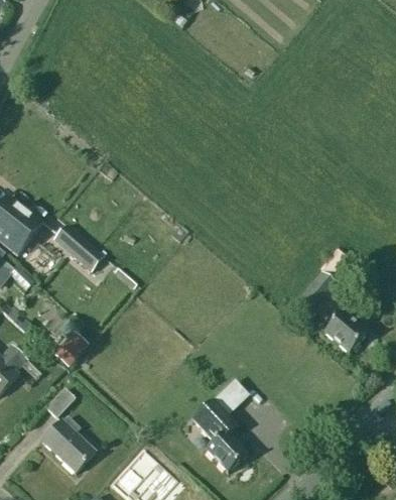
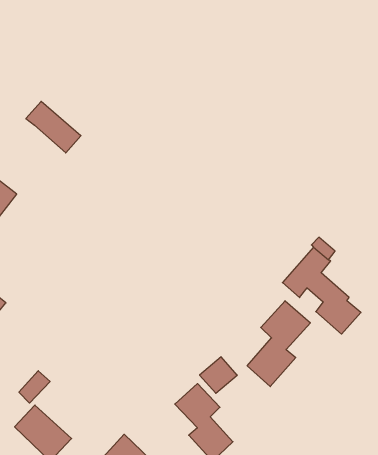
building: [52,224,104,272] -> [26,101,81,153]
building: none -> [247,301,310,387]
building: [51,330,87,366] -> none

